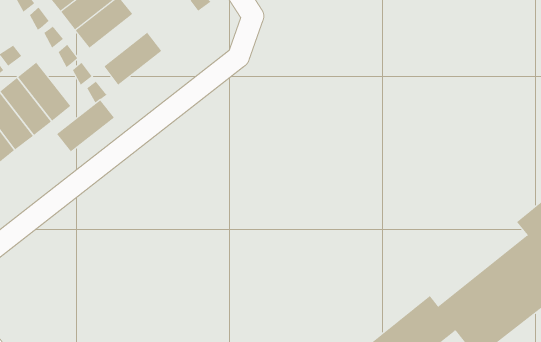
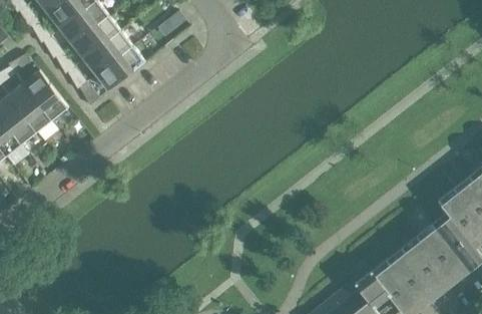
building: [56,100,115,152] -> [84,31,133,75]

